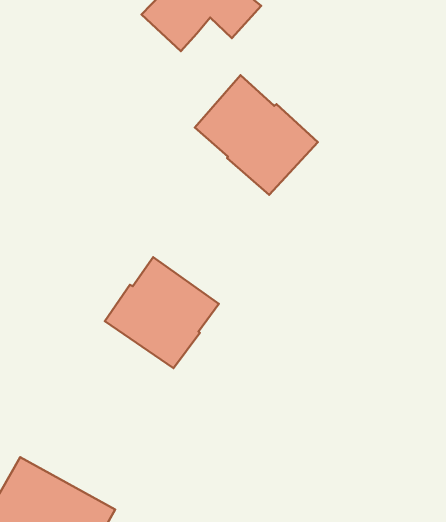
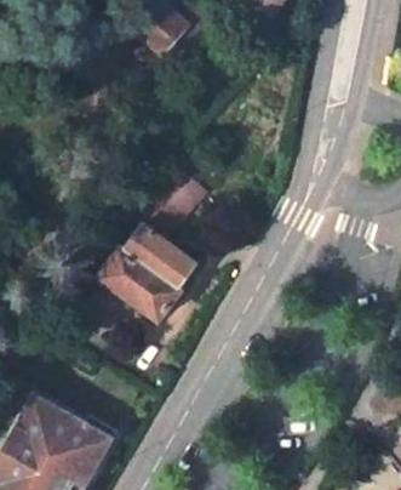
building: [195,75,318,195] -> none
building: none -> [147,170,204,227]

